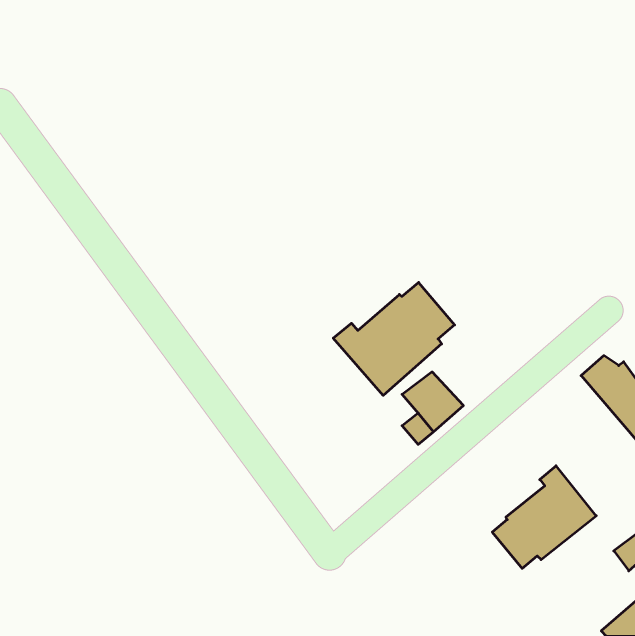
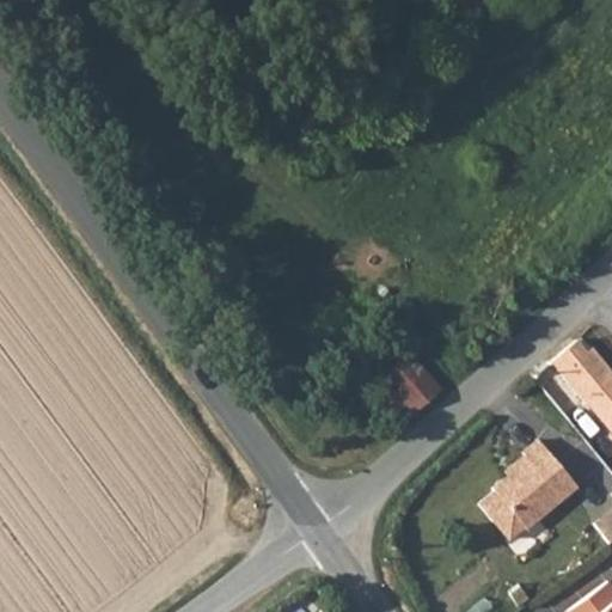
building: [333,282,455,395] -> none

